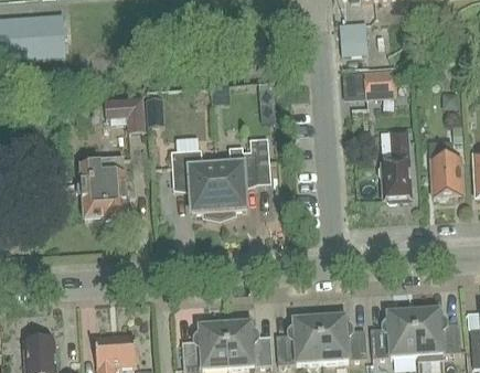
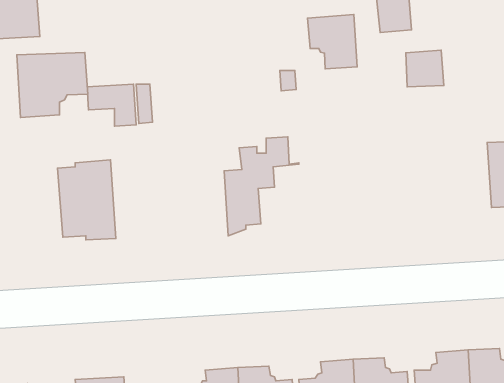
building: none -> [307,14,357,69]
building: none -> [17,52,88,118]
building: [380,130,410,202] -> none
building: [170,149,218,219] -> none

